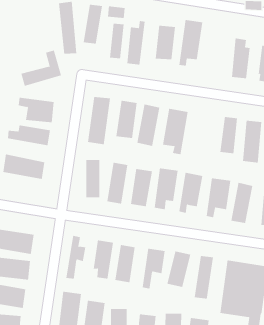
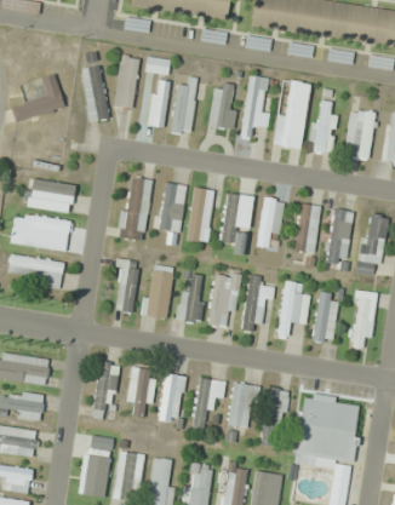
building: none -> [276,80,308,148]
building: [21,50,62,86] -> [11,74,65,122]
building: none -> [258,197,284,249]

